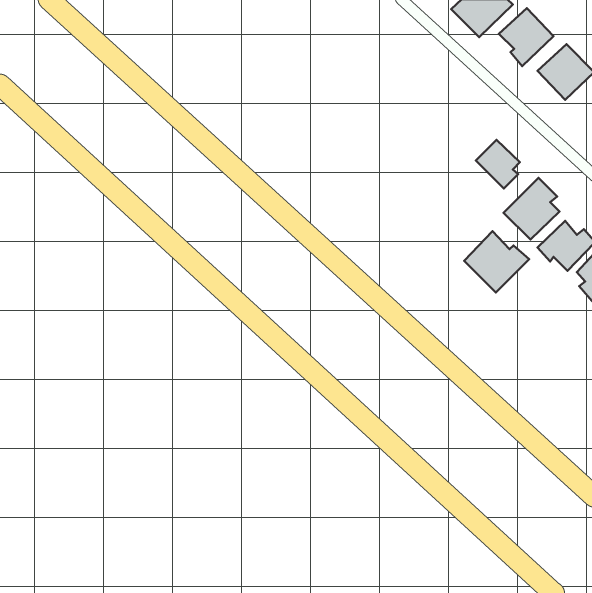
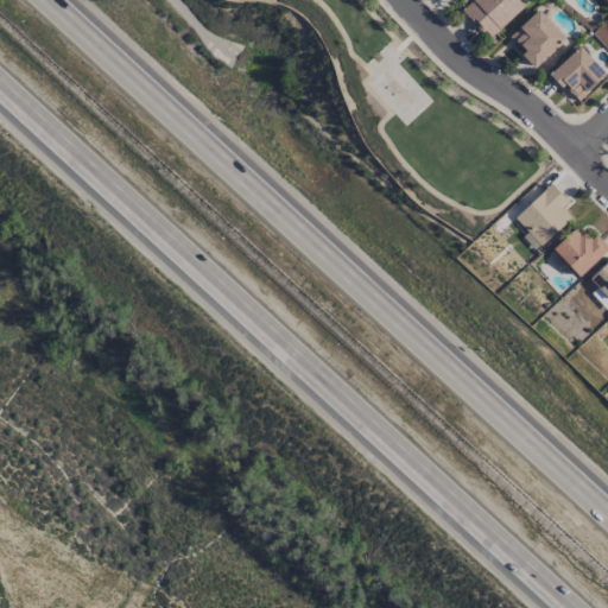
building: [476,140,520,189] -> none
building: [464,231,529,293] -> none

